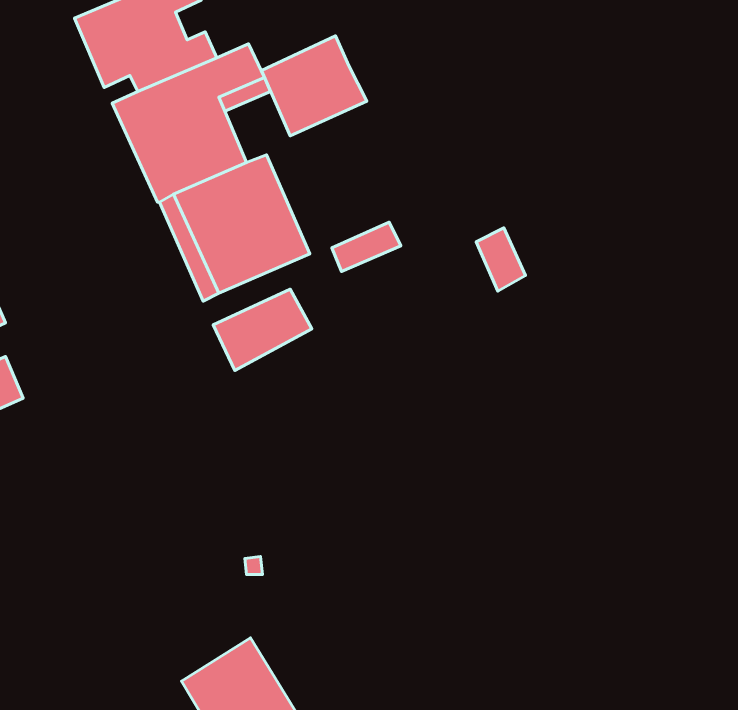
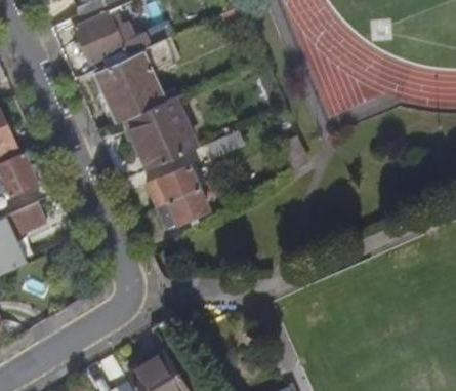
building: [261,36,367,136] -> none
building: none -> [158,181,223,229]

